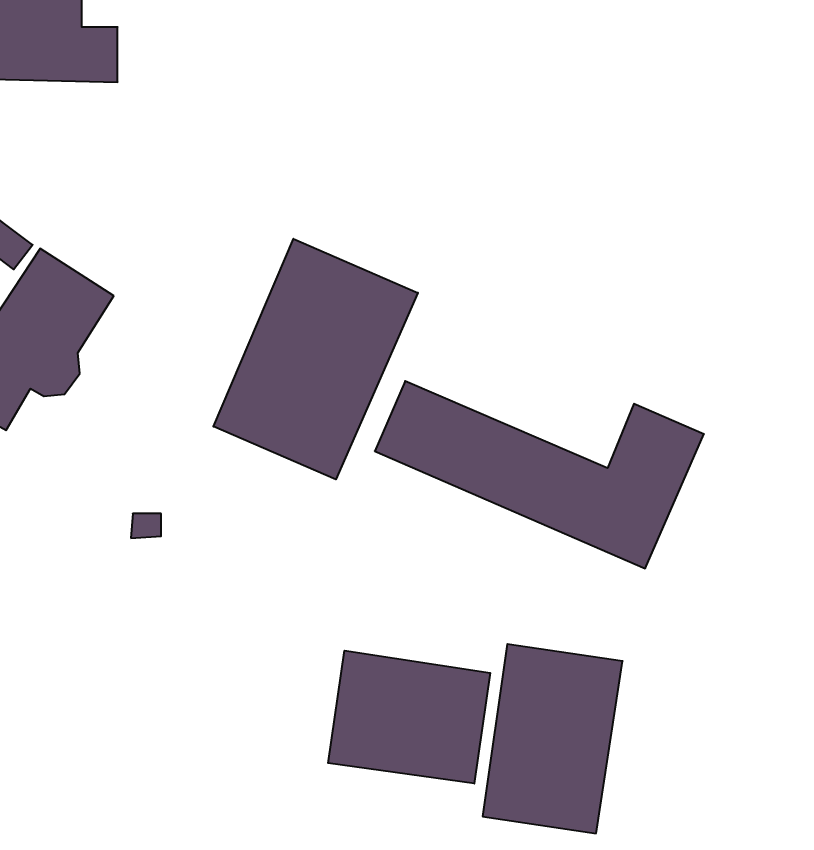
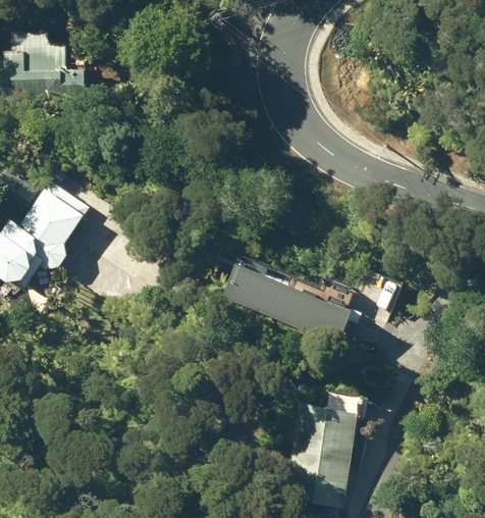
building: [213,239,418,479] -> none
building: [328,651,490,784] -> none

